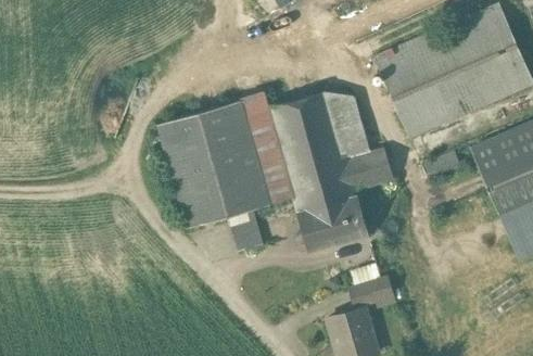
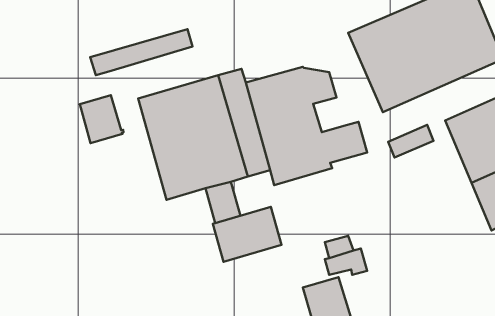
building: none -> [90,29,193,75]
building: none -> [80,95,124,143]
building: [338,124,369,160] -> none
building: [297,196,368,253] -> [213,207,282,262]

